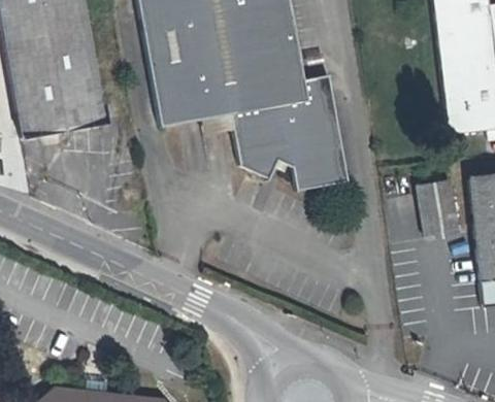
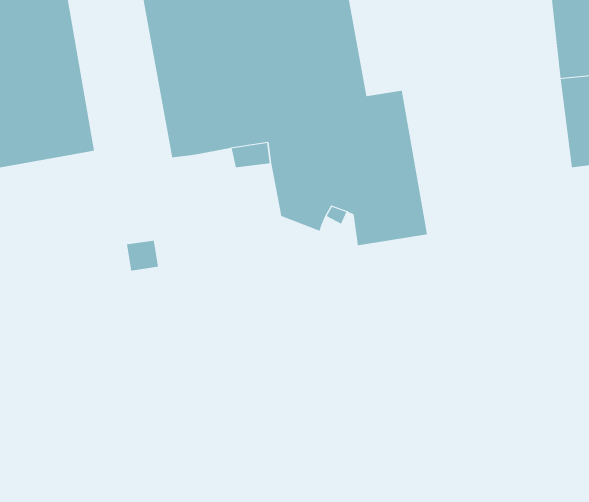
building: [422,179,458,234] -> none

